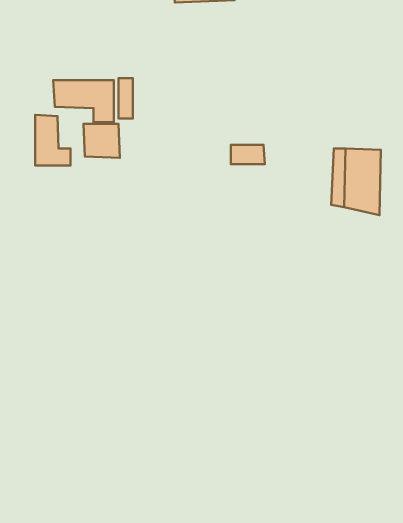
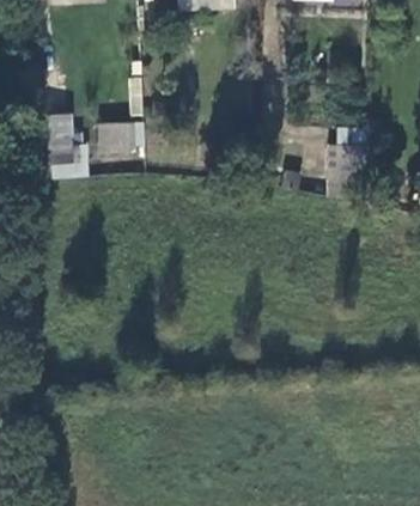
building: [53,80,114,122] -> none

